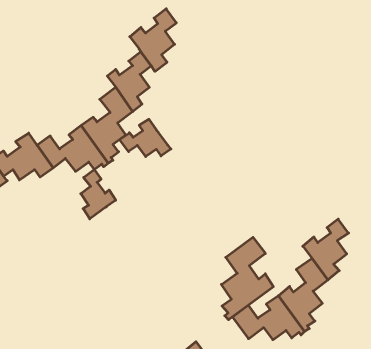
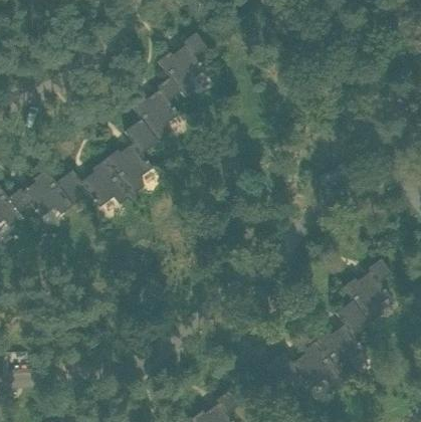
building: [120,119,171,157] -> none
building: [81,170,116,219] -> none
building: [221,237,273,320] -> none

